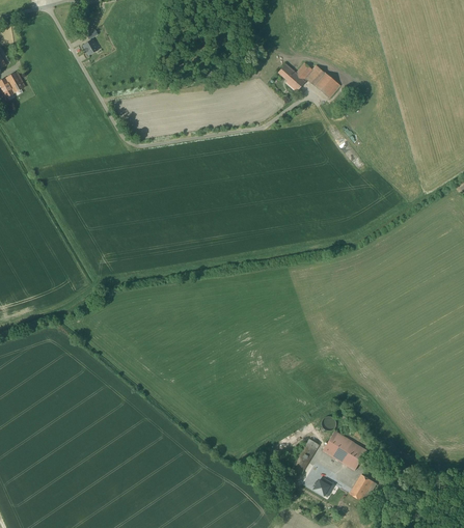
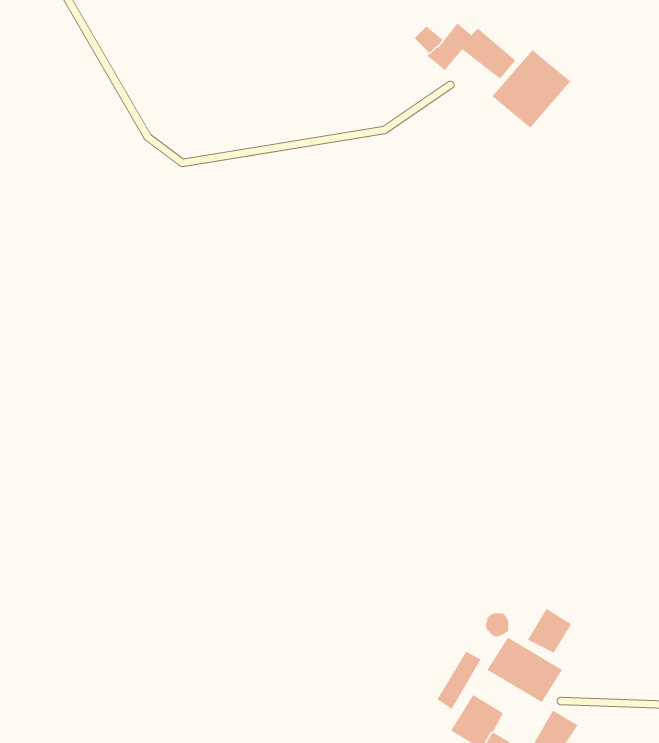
building: none -> [491,49,571,129]
building: none -> [527,608,572,653]

